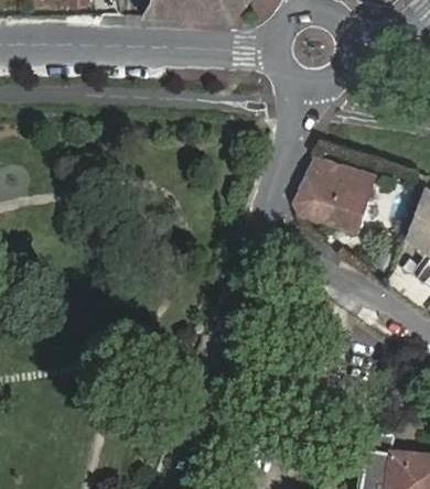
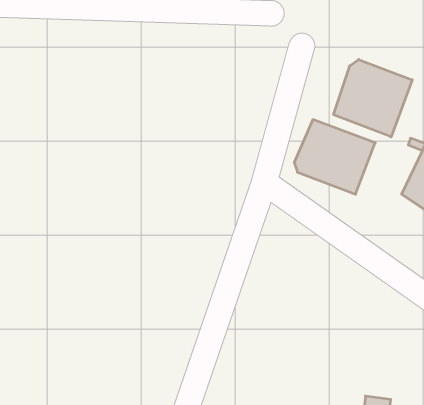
building: none -> [334,59,412,137]

